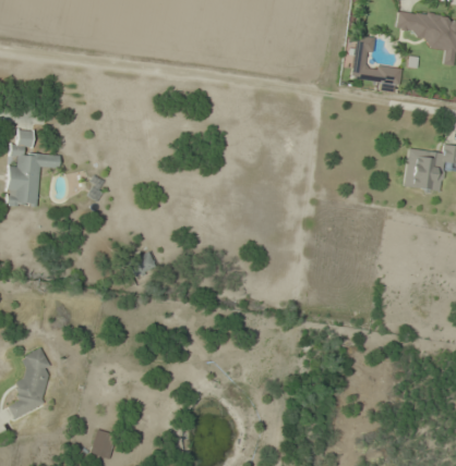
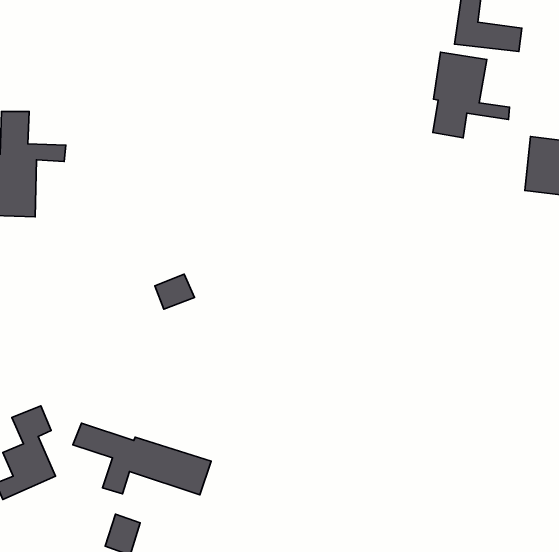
building: none -> [433,52,510,138]
building: none -> [73,423,211,495]

